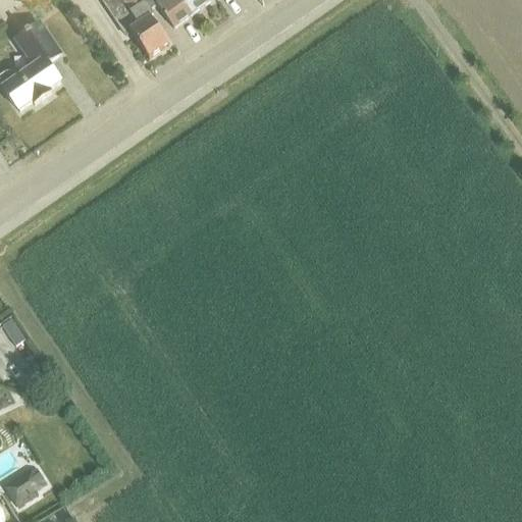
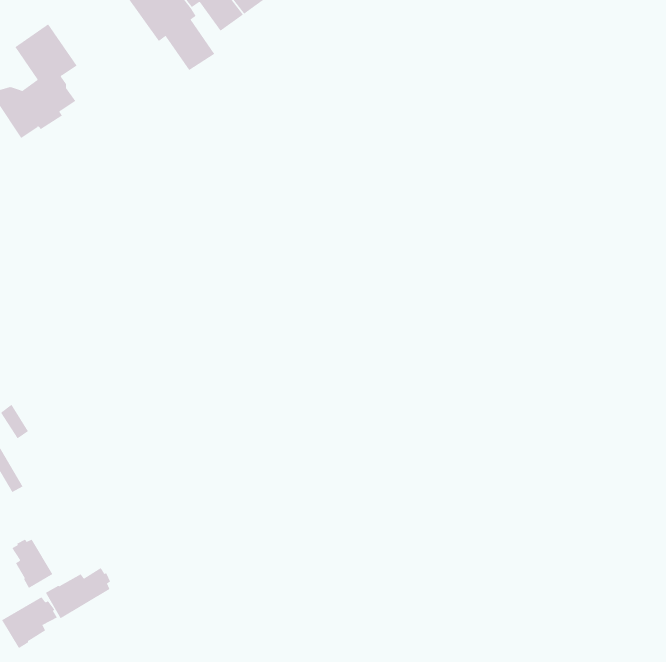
building: none -> [12,539,53,589]
building: none -> [45,567,111,619]

